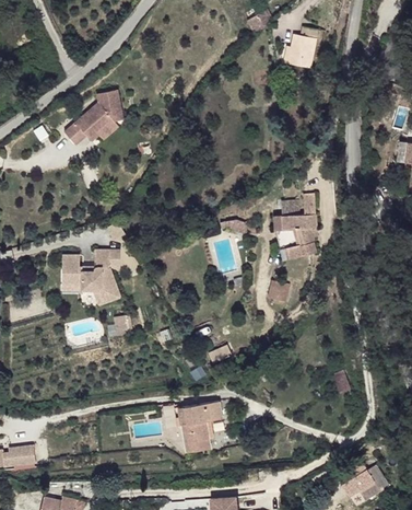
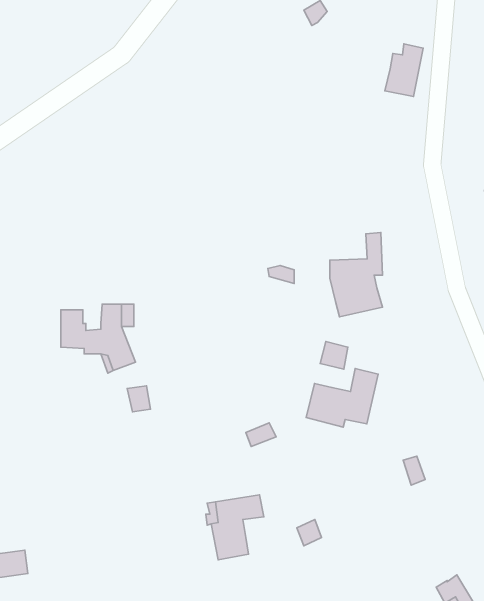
building: [286,26,317,68] -> [385,44,423,96]
building: [63,90,122,146] -> none
building: none -> [306,368,378,427]

